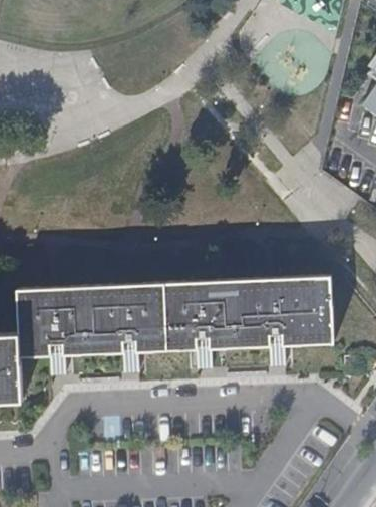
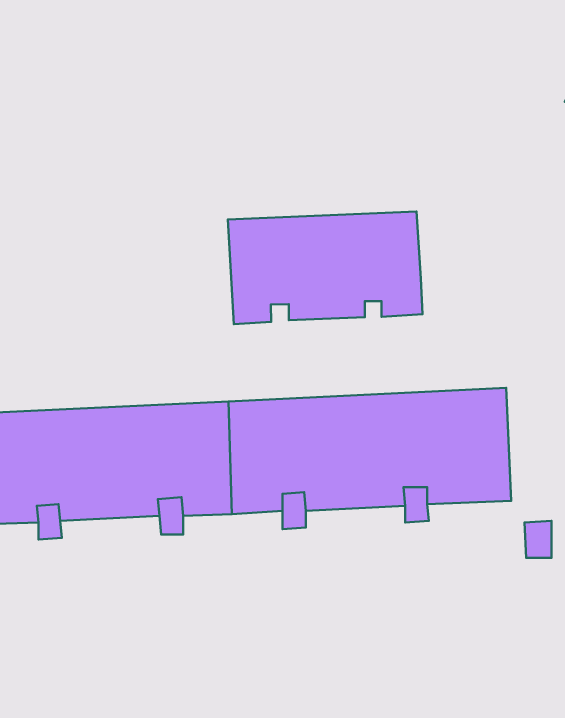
building: none -> [228,211,423,324]

